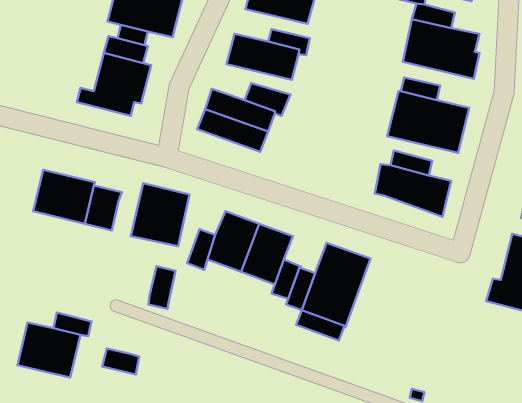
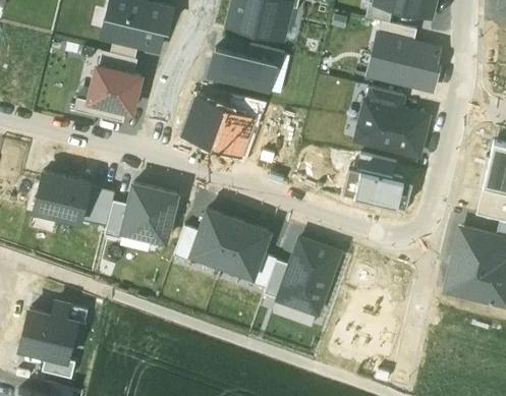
building: [149,266,176,309] -> [104,201,128,239]
building: [102,349,139,374] -> [41,355,74,379]

